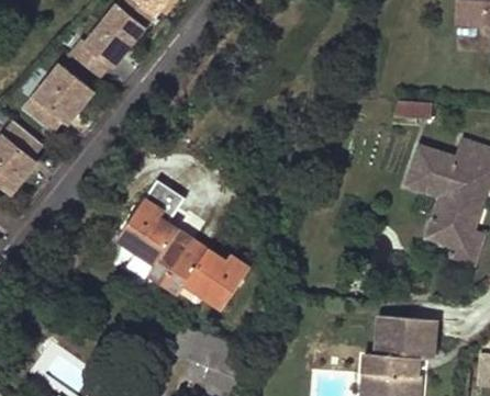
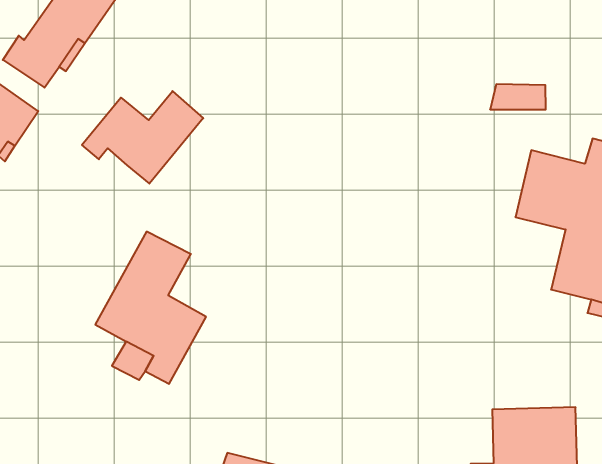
building: none -> [82,91,203,184]
building: [164,238,250,306] -> none

